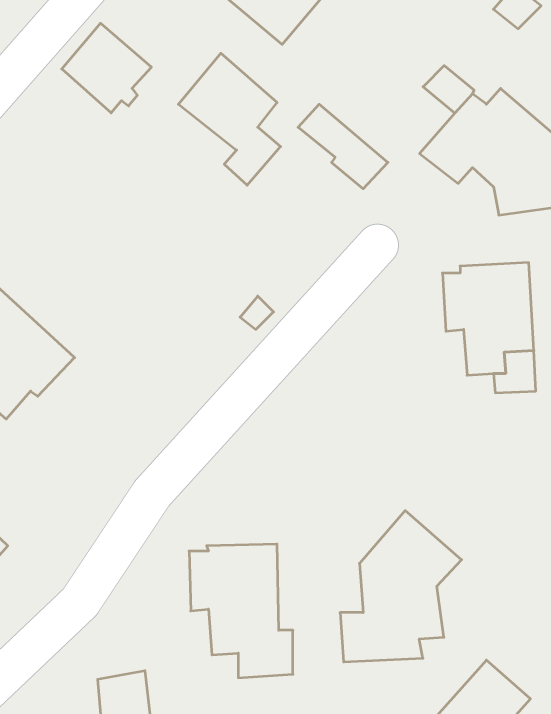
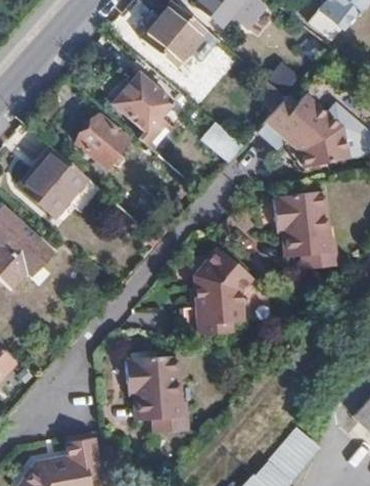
building: [62,23,151,113] -> [80,112,132,164]
building: none -> [26,148,92,213]
building: [340,511,462,662] -> [179,251,249,339]

